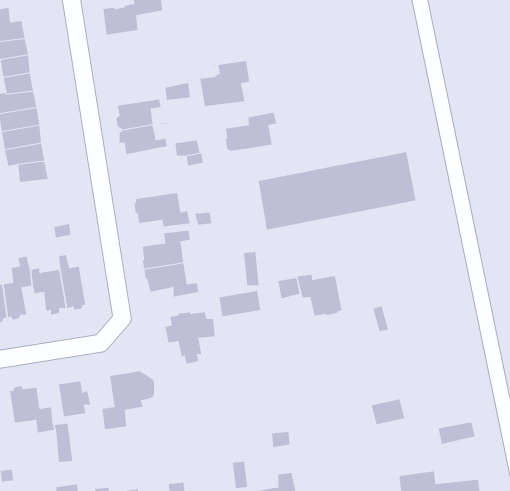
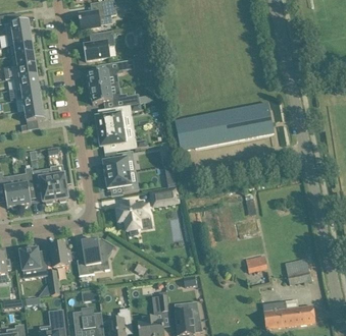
building: [199,61,250,106] -> [83,31,114,59]
building: [225,112,277,151] -> [96,106,129,130]
building: [297,274,342,317] -> none

